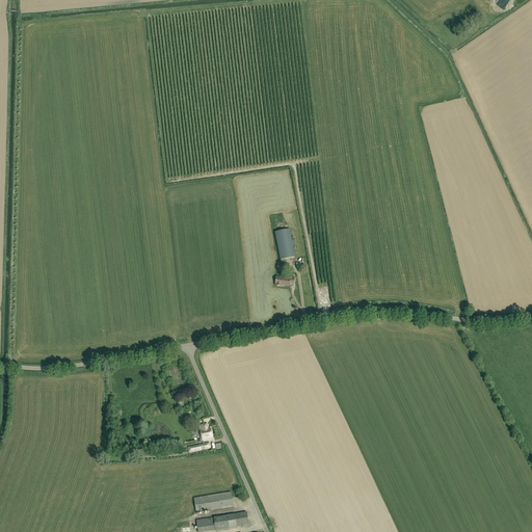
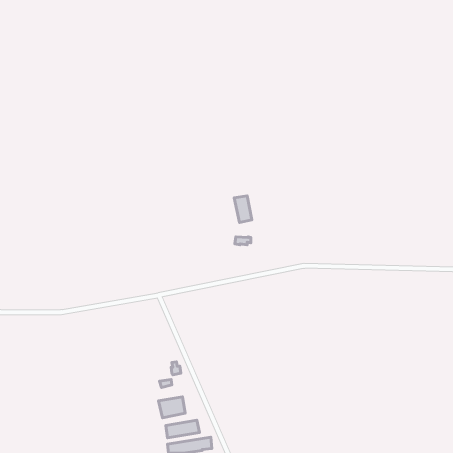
building: none -> [159,397,185,418]

